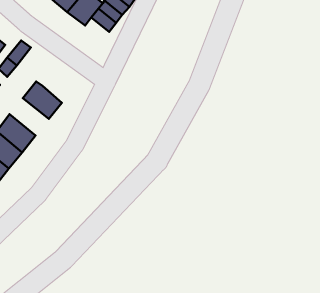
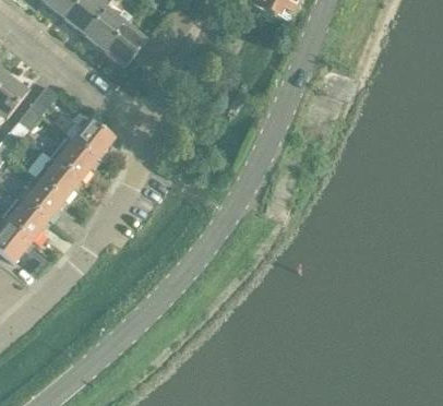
building: none -> [73,114,115,160]
building: none -> [33,155,81,201]

